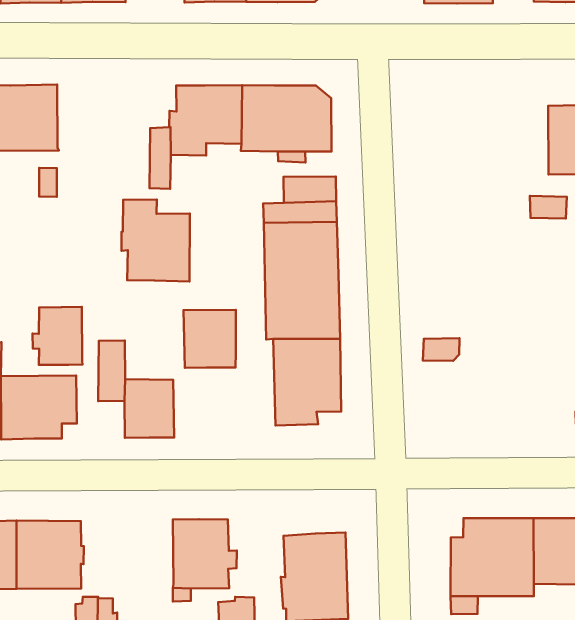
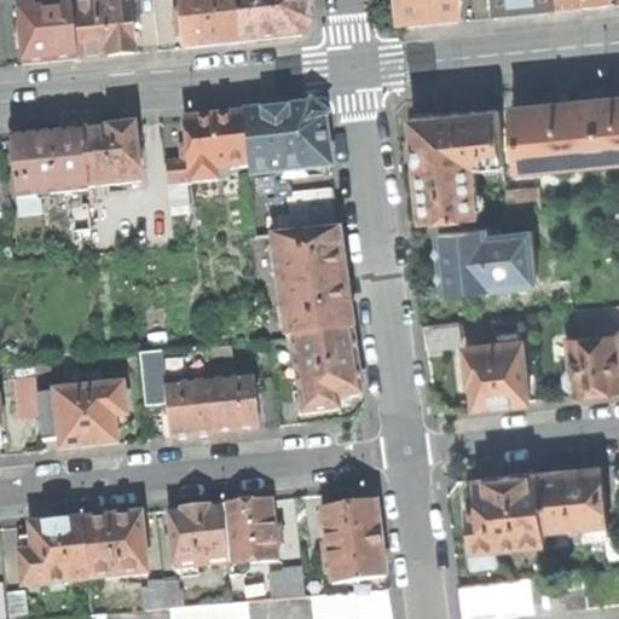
building: none -> [80,123,140,185]
building: none -> [411,105,503,218]
building: [121,200,190,281] -> none
building: none -> [439,224,537,289]
building: [32,307,82,365] -> none
building: [184,310,236,368] -> [208,375,259,430]
building: none -> [464,339,530,404]
building: none -> [166,503,226,566]

